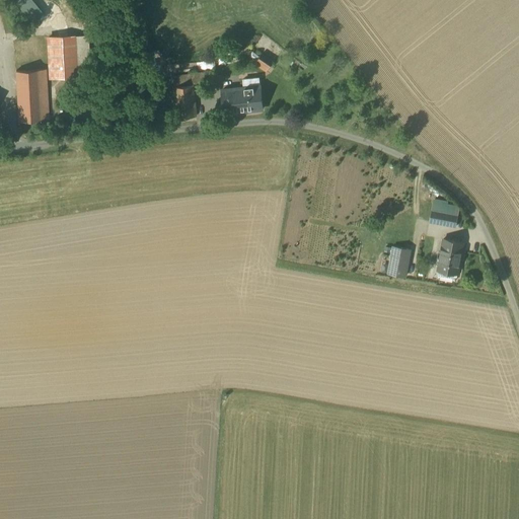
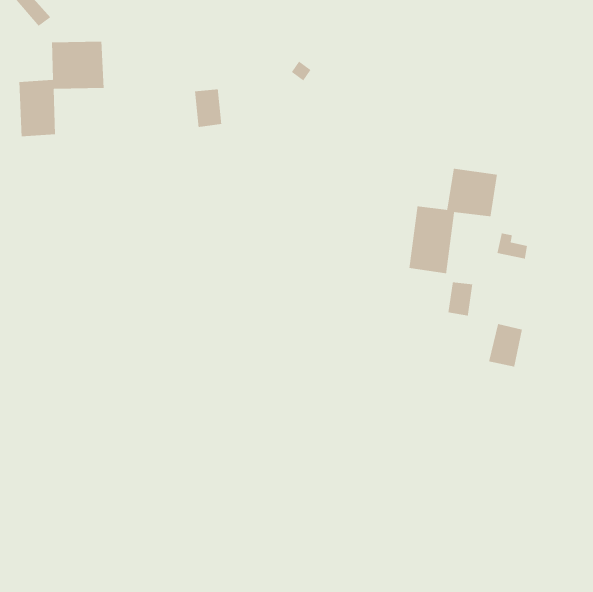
building: [220,78,261,113] -> none
building: none -> [409,168,498,274]
building: [440,238,470,277] -> [488,323,523,368]

